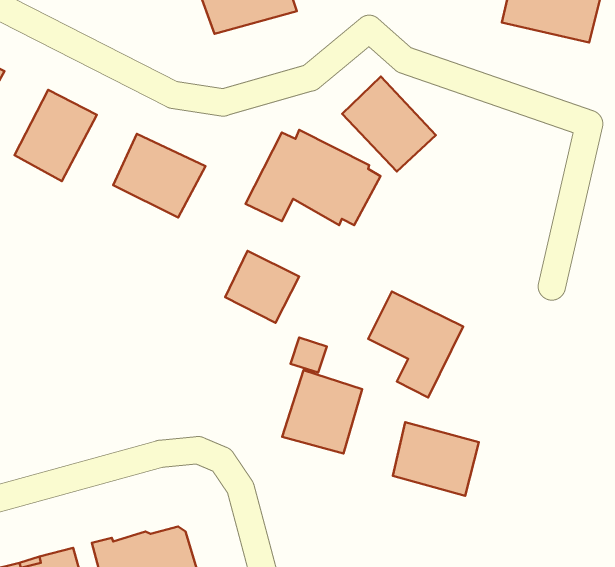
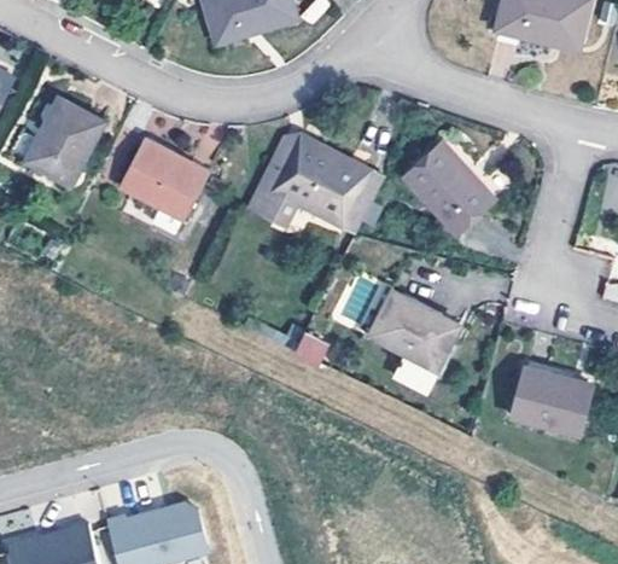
building: [342,76,436,171] -> [407,139,497,231]
building: [225,251,299,323] -> none
building: [282,370,362,454] -> none
building: [393,422,479,496] -> [512,364,595,435]

